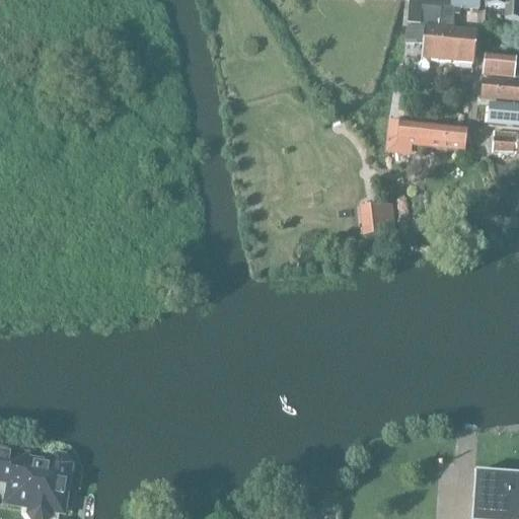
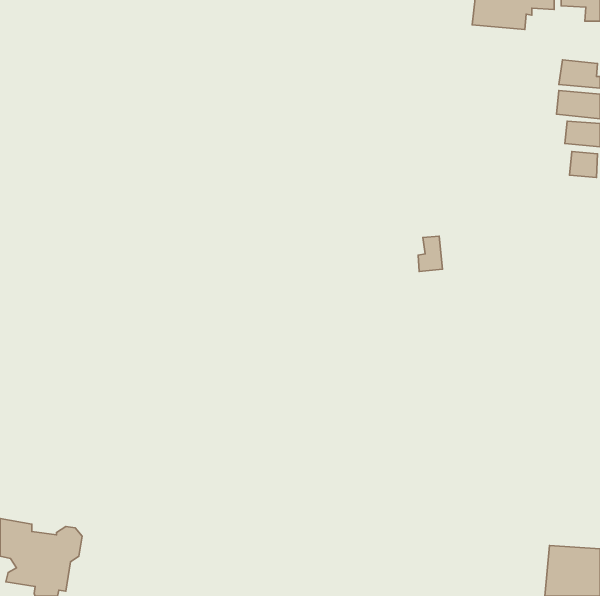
building: [404,24,476,62] -> none
building: [396,119,467,149] -> none

